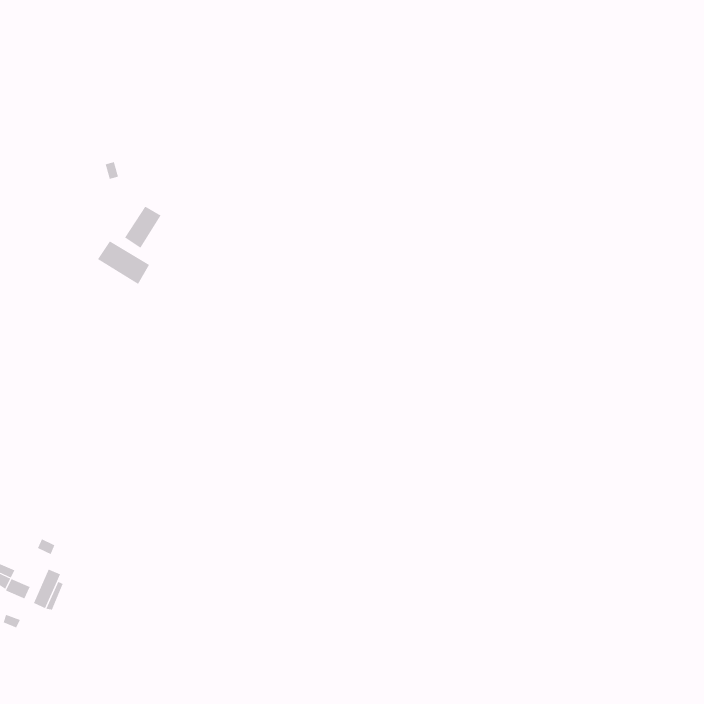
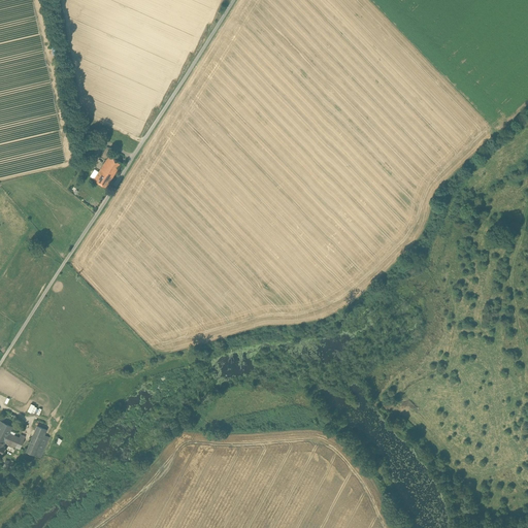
building: [97,240,150,285] -> none

